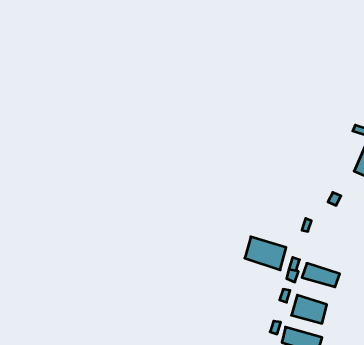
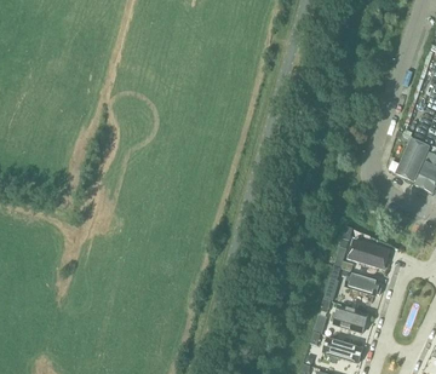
building: [245,237,286,270] -> [348,236,390,270]

